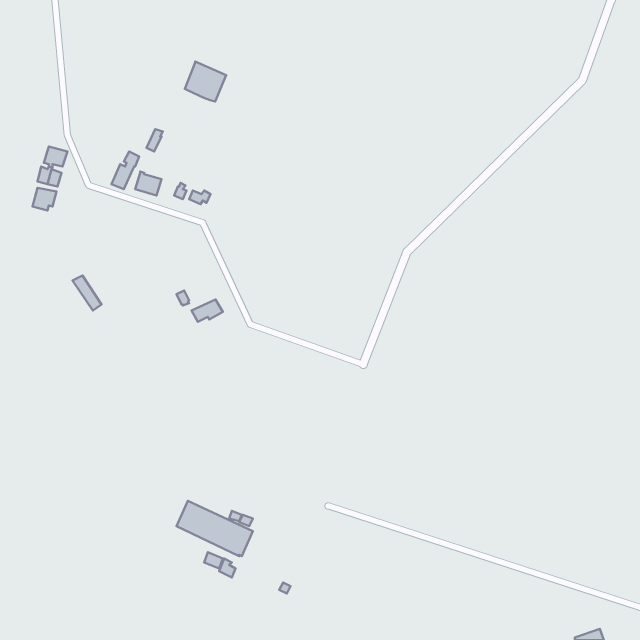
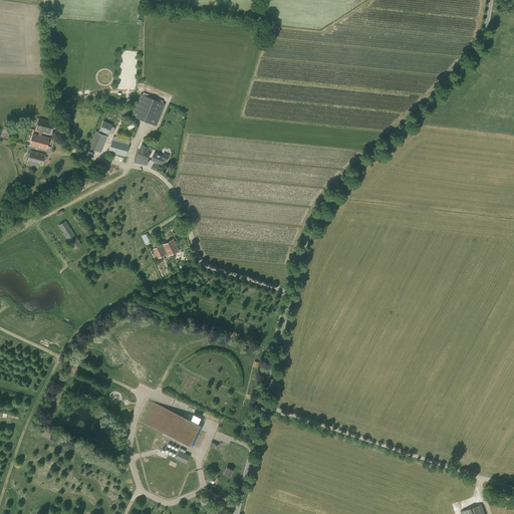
building: [185,61,226,101] -> [133,93,166,125]

